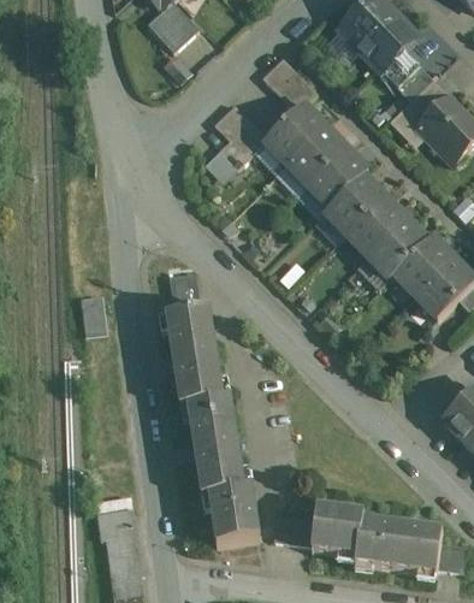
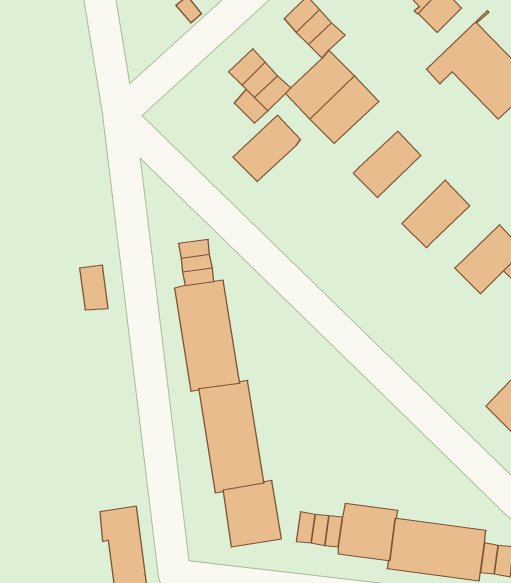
building: [307,148,367,207] -> [233,115,301,182]
building: [345,196,405,256] -> none
building: [393,236,454,296] -> none

